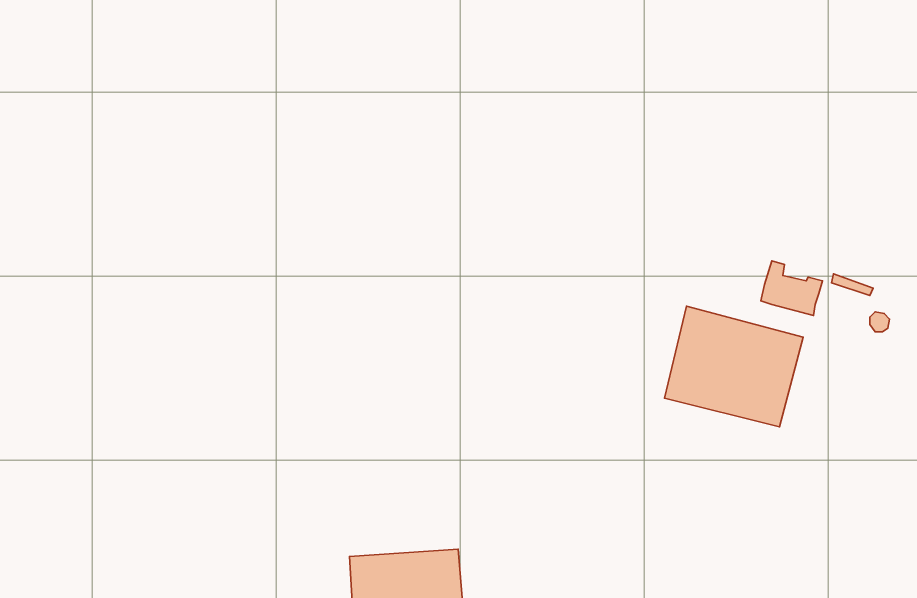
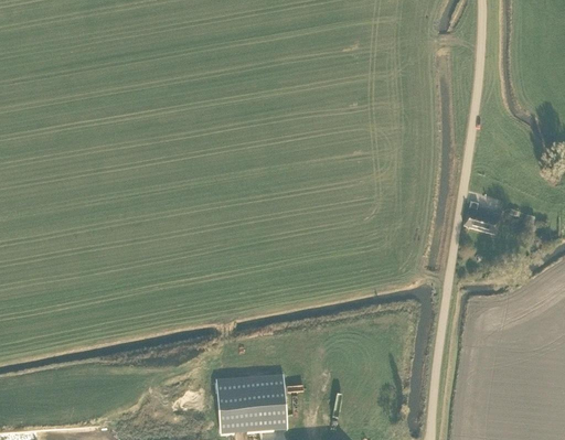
building: [665,306,803,427] -> none

